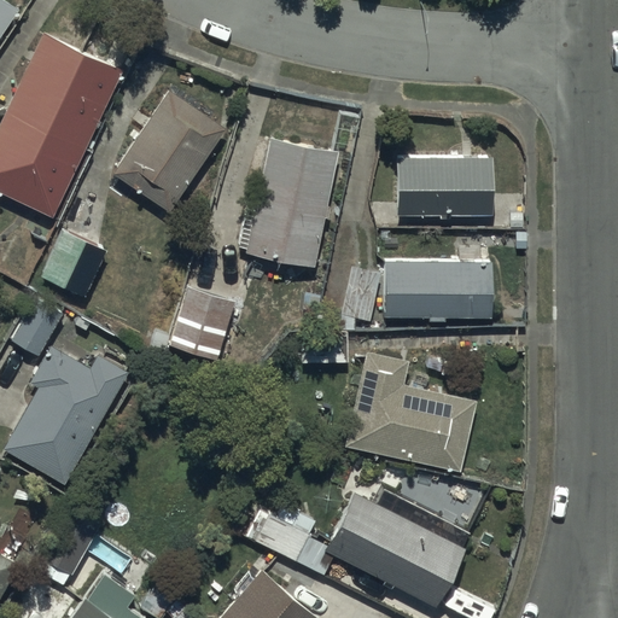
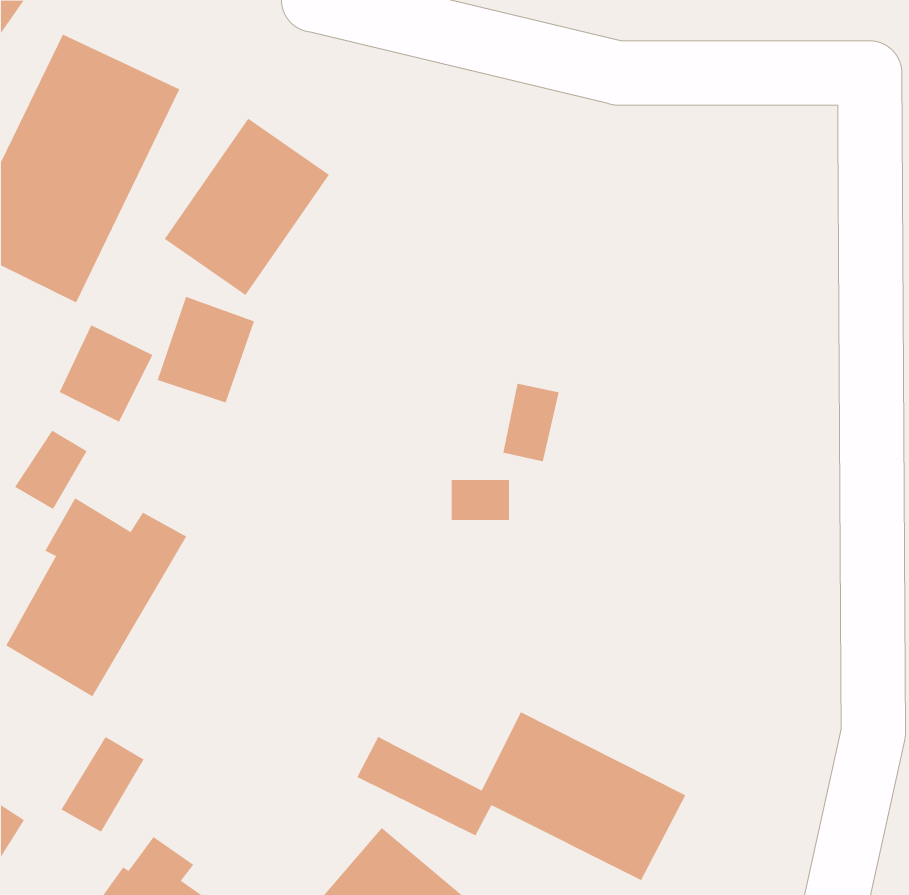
building: [246,136,338,267] -> none
building: [396,157,491,218] -> none
building: [384,262,490,321] -> none
building: [169,288,235,361] -> [157,296,255,403]
building: [346,351,474,472] -> none

